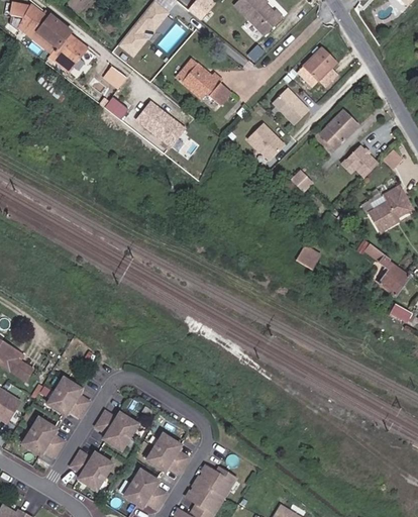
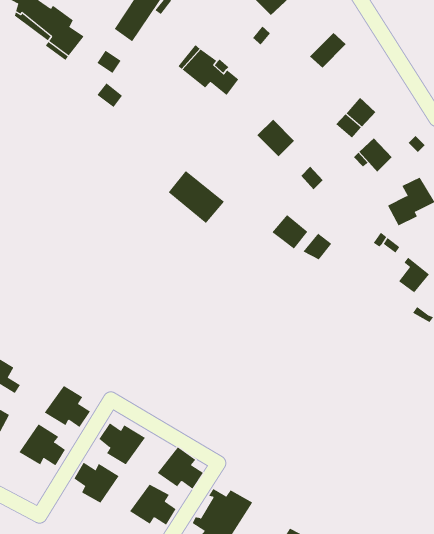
building: [270,91,306,127] -> none
building: [130,97,183,146] -> [168,170,225,224]
building: none -> [272,214,308,249]

